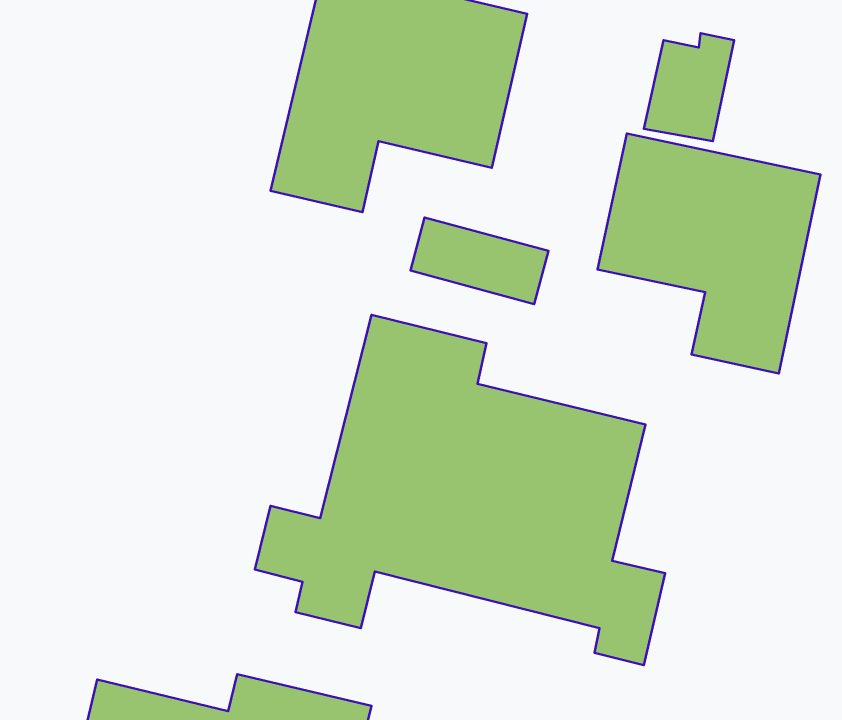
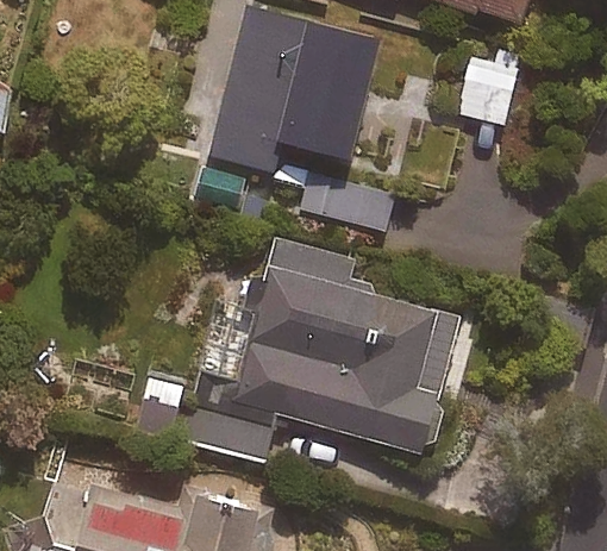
building: [597,134,821,373] -> none

